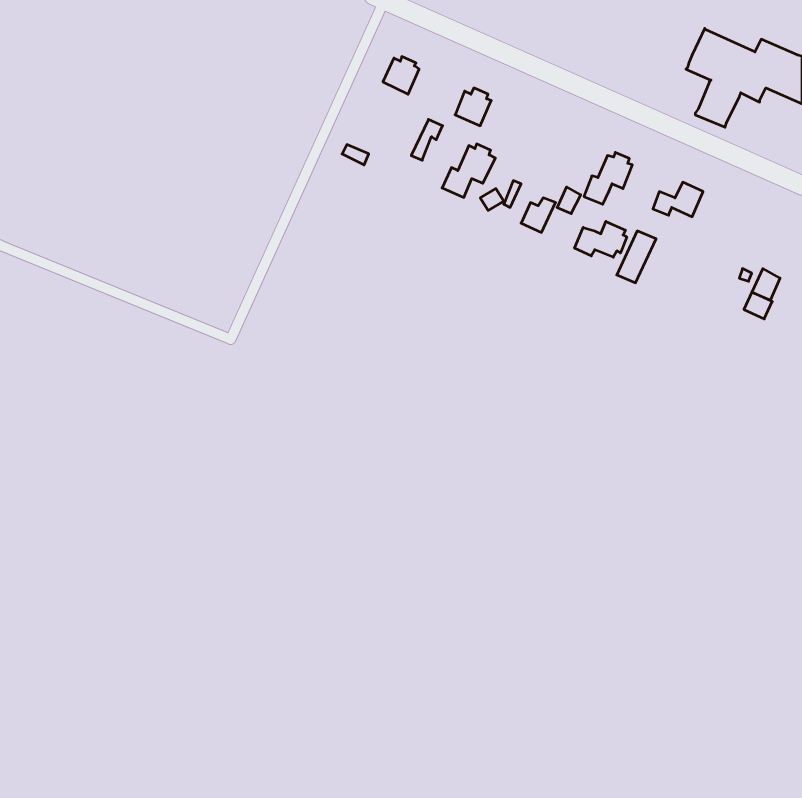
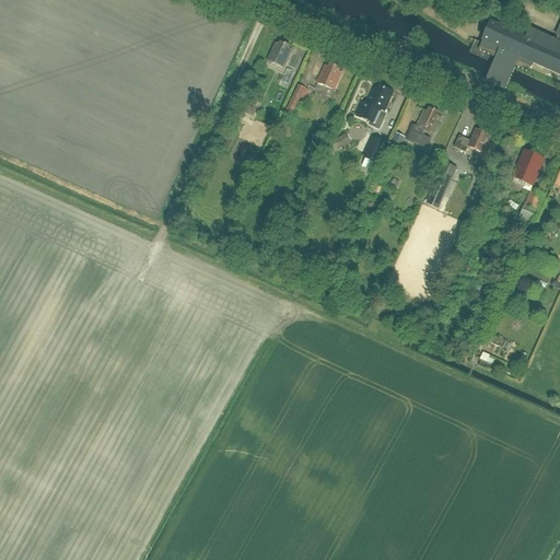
building: [442,144,495,197] -> [355,83,393,120]
building: none -> [514,149,542,184]
building: [575,221,627,257] -> none

